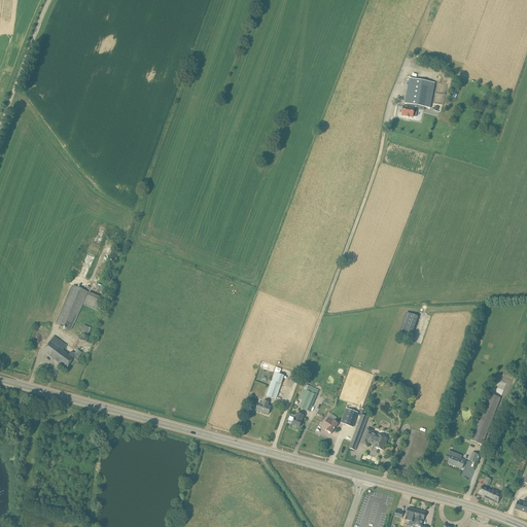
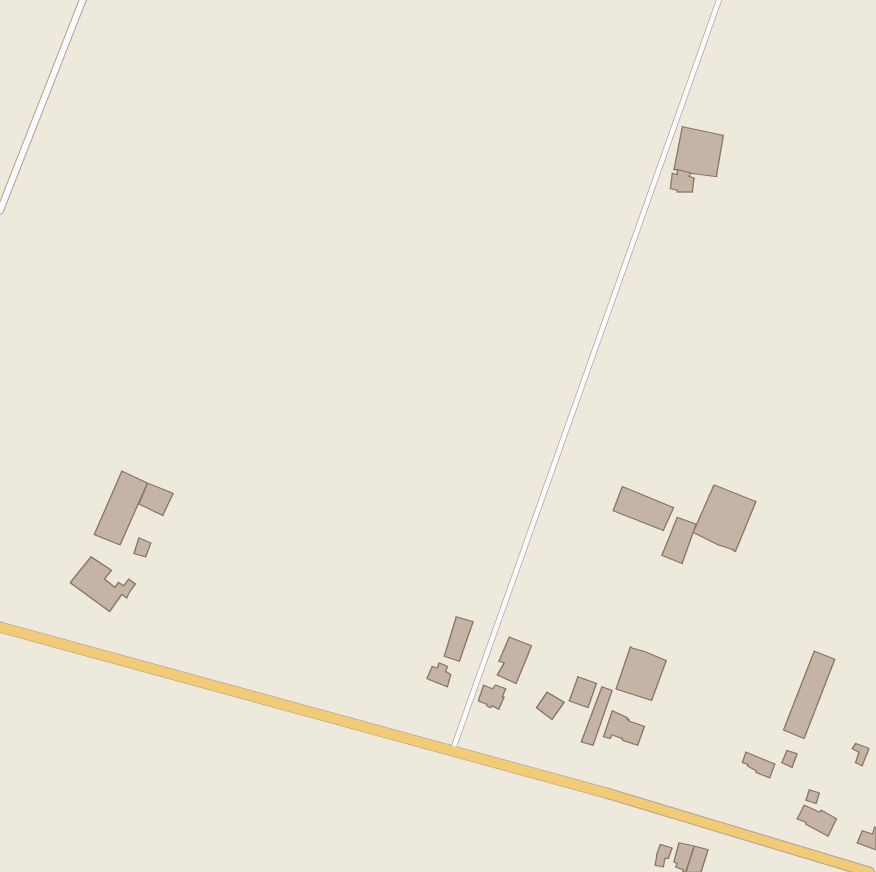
building: none -> [693,485,756,552]
building: none -> [613,487,673,531]
building: none -> [616,647,666,700]

